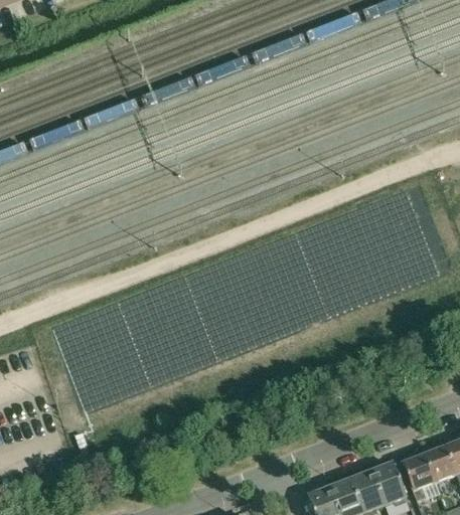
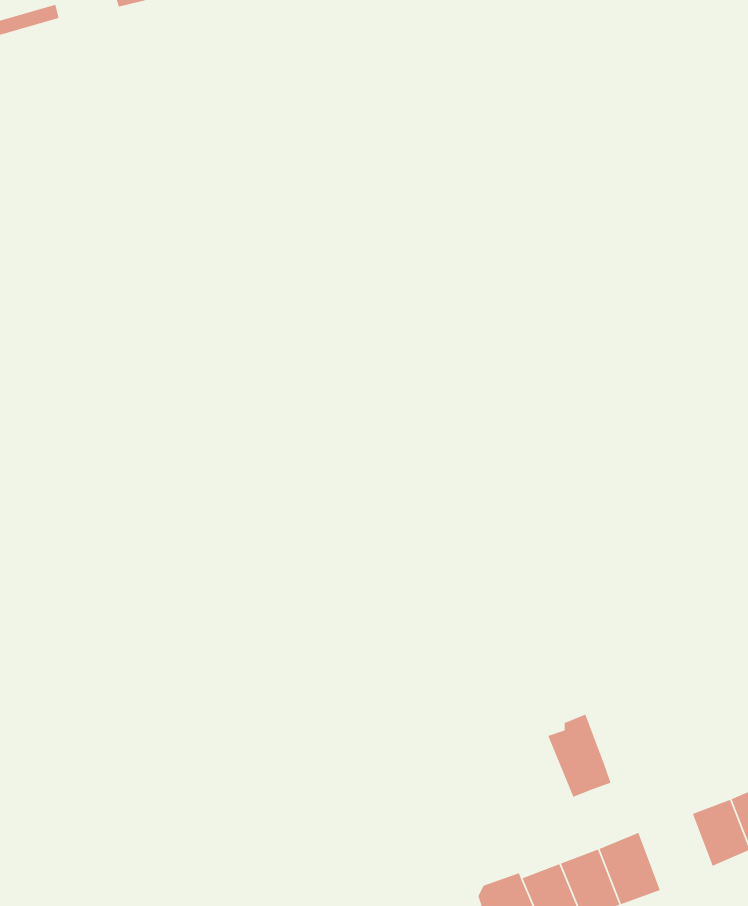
building: [403,452,438,498] -> [547,713,611,798]

